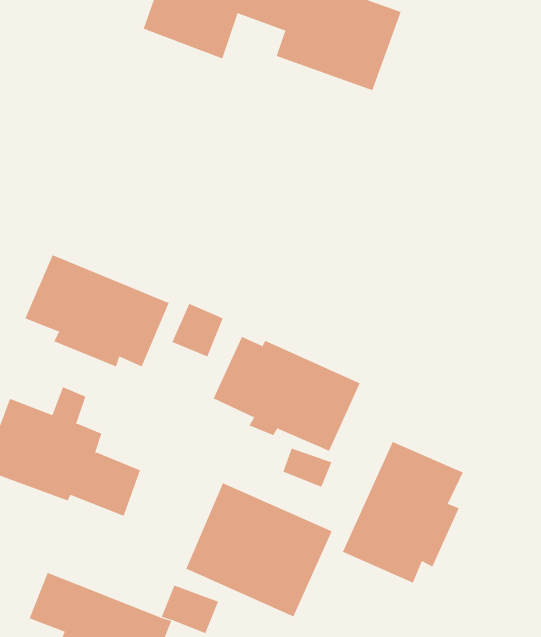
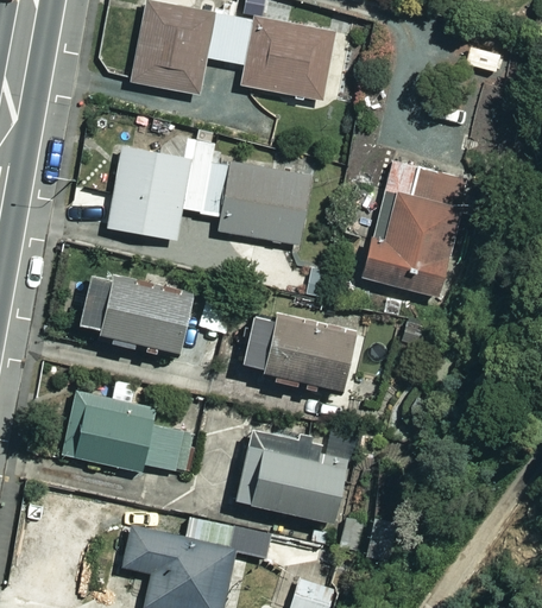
building: none -> [108,139,311,245]
building: none -> [364,162,465,296]
building: [342,441,463,583] -> none

